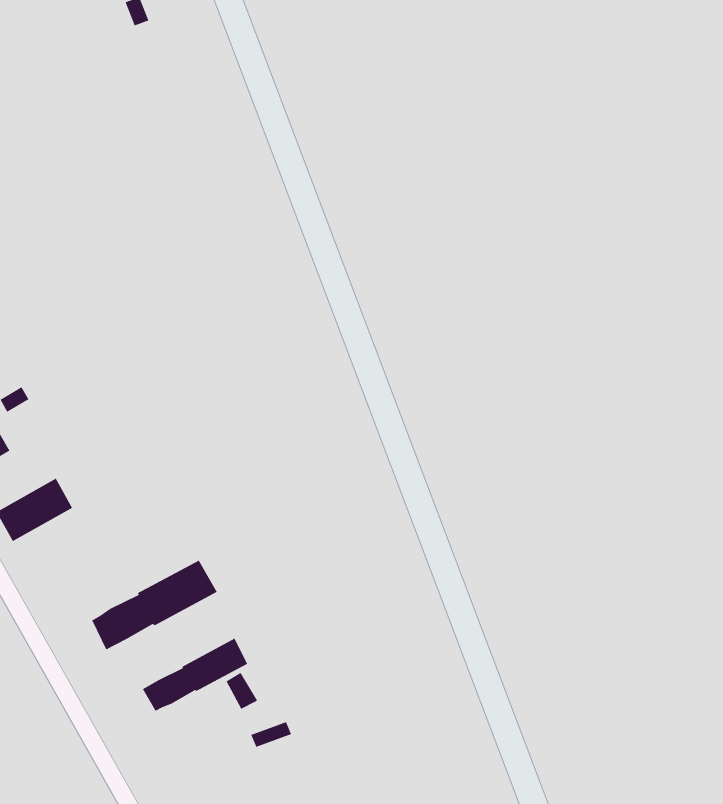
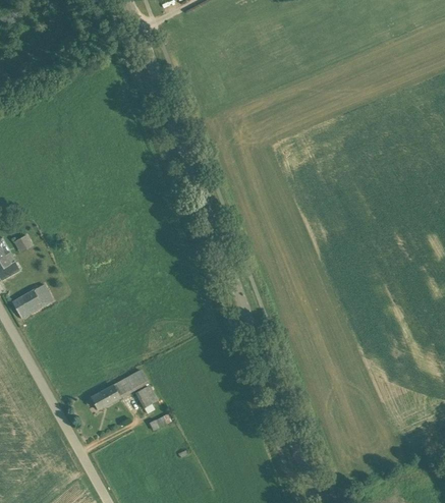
building: [91,559,218,650] -> none

